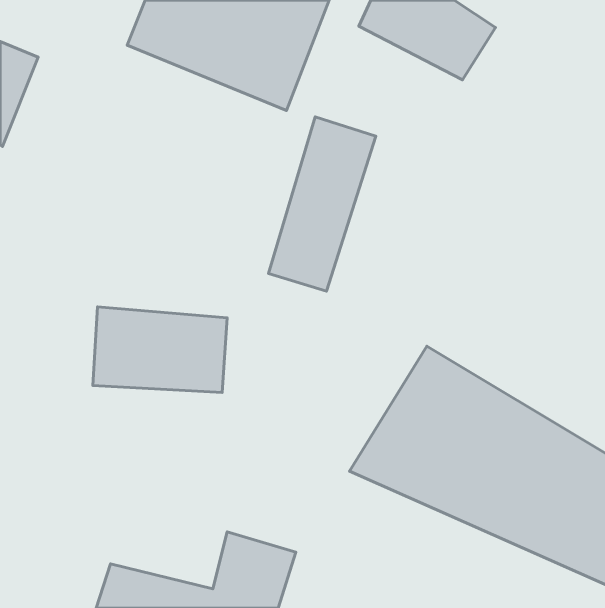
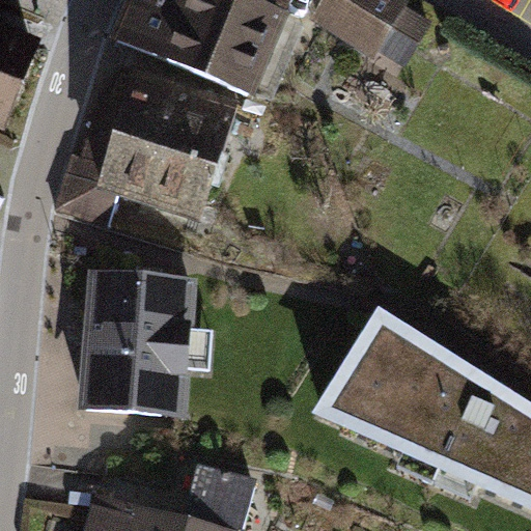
building: none -> [62,71,236,225]
building: [269,117,376,291] -> none
building: none -> [75,336,196,419]

